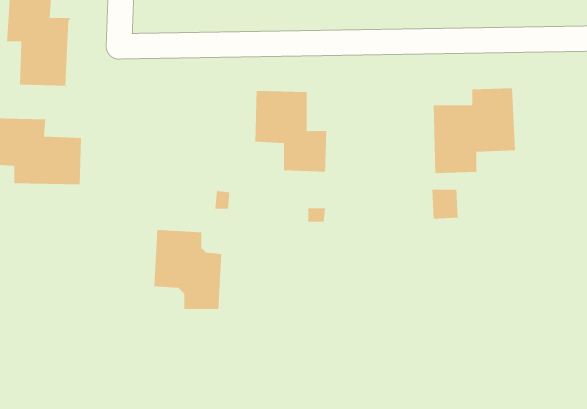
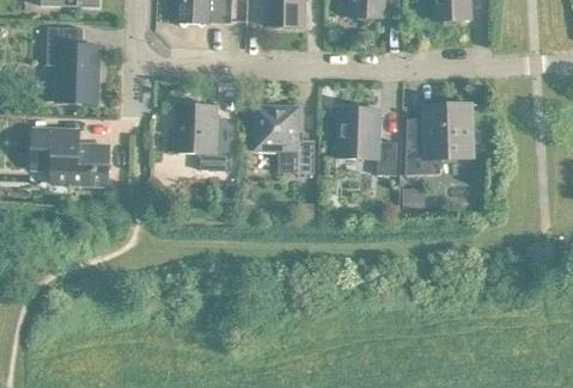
building: none -> [336,106,396,174]
building: [154,229,222,309] -> [175,103,232,170]

